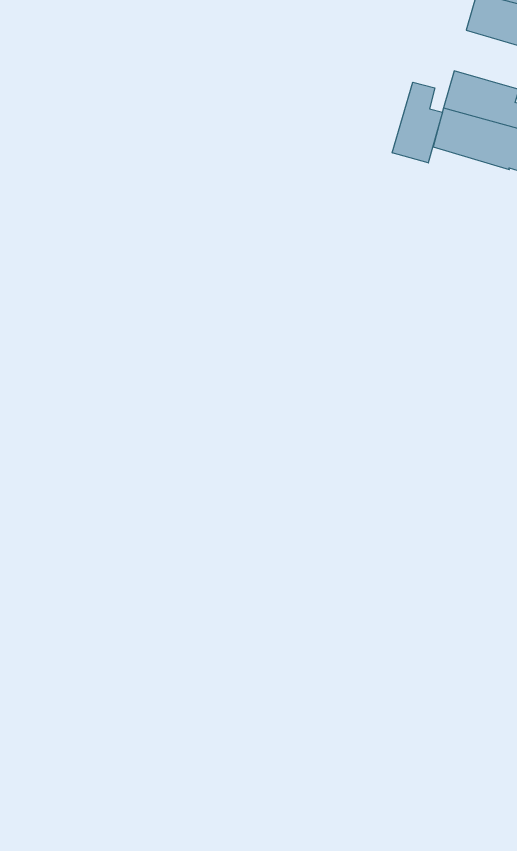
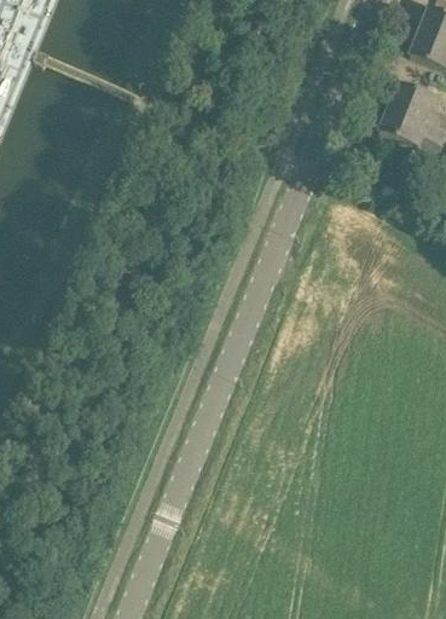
building: [392,82,442,163] -> none

